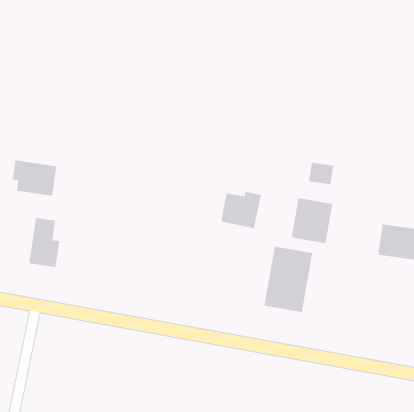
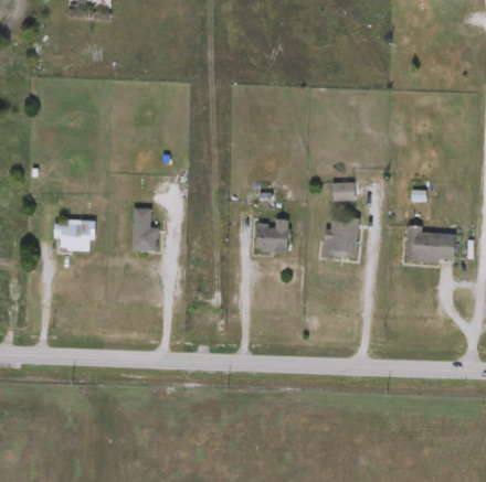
building: [29,217,60,267] -> [131,207,158,251]
building: [264,246,313,313] -> none

